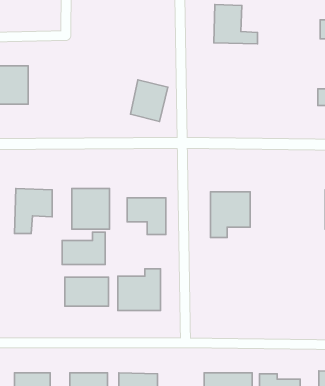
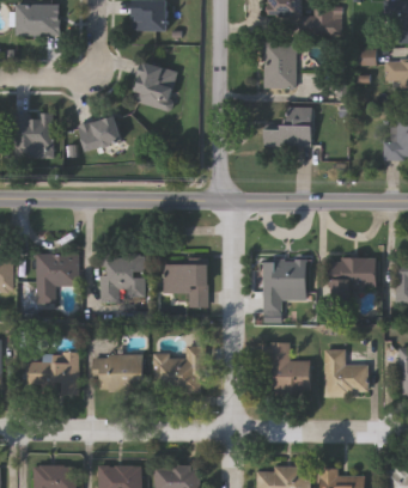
building: none -> [264,105,312,146]
building: none -> [79,117,121,150]
building: [130,80,168,122] -> [134,62,177,110]
building: none -> [329,255,376,300]
building: [62,232,105,264] -> [30,352,79,389]
building: none -> [268,340,309,391]
building: none -> [322,347,365,394]

